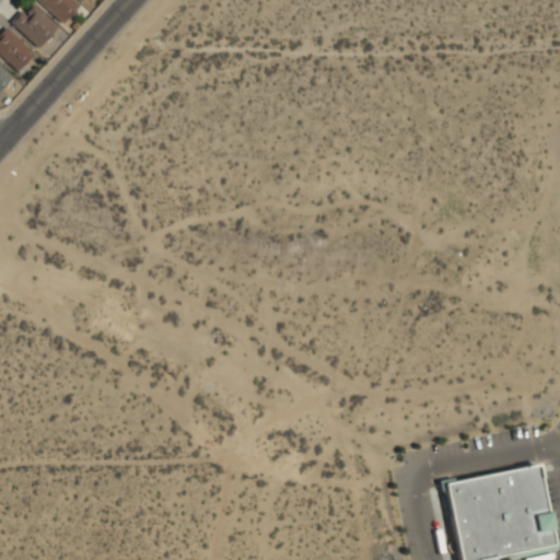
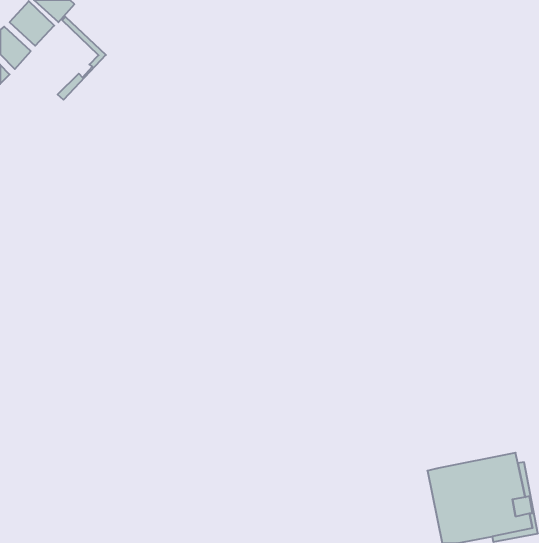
building: none -> [58,17,106,100]

